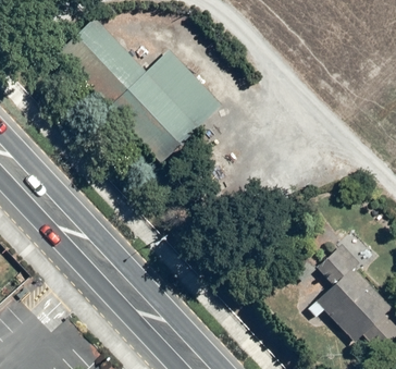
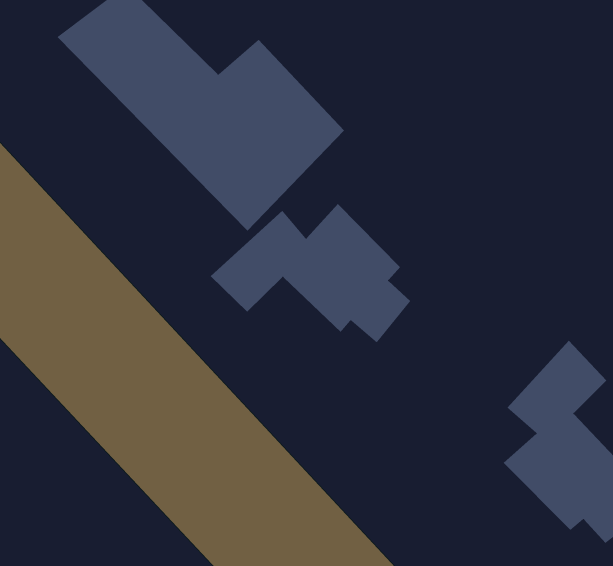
building: none -> [210,203,411,343]

